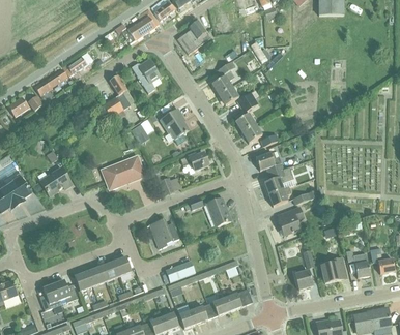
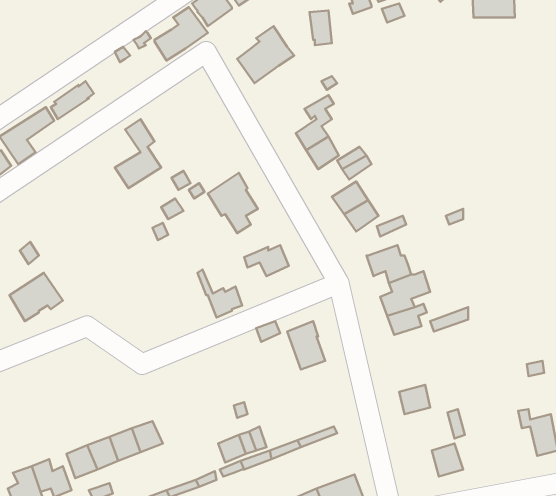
building: [131,59,160,93] -> none
building: [102,156,144,189] -> none
building: [277,205,304,235] -> none
building: [148,218,178,248] -> none
building: [320,257,346,282] -> none

